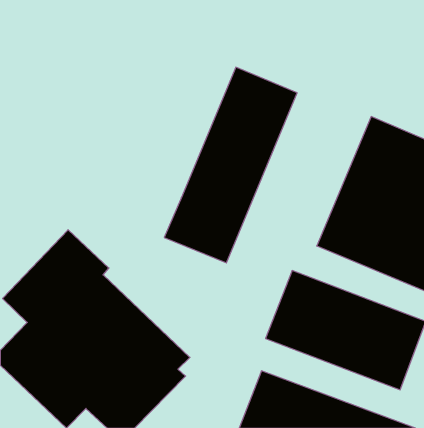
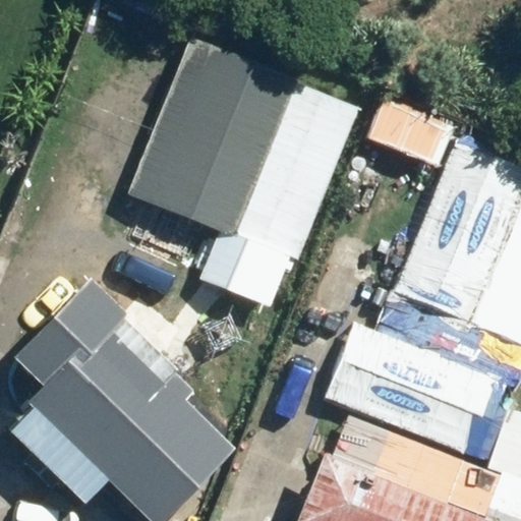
building: none -> [124,37,295,236]

